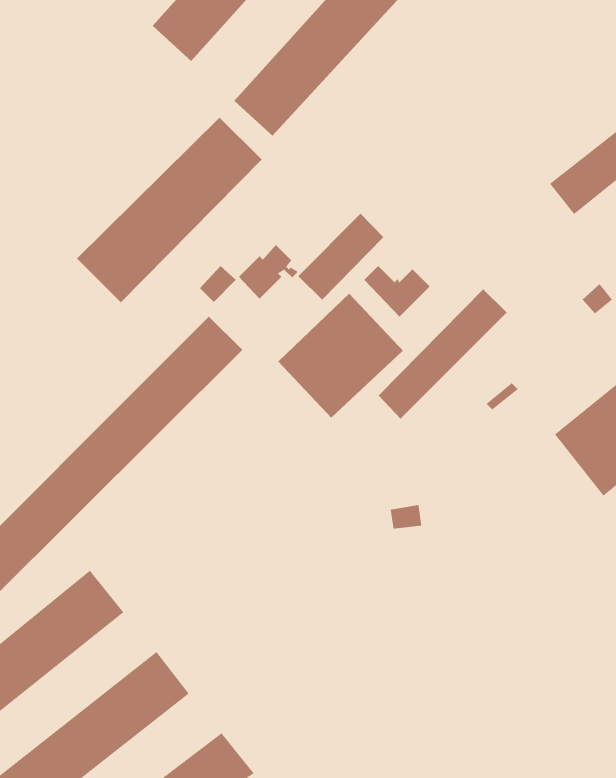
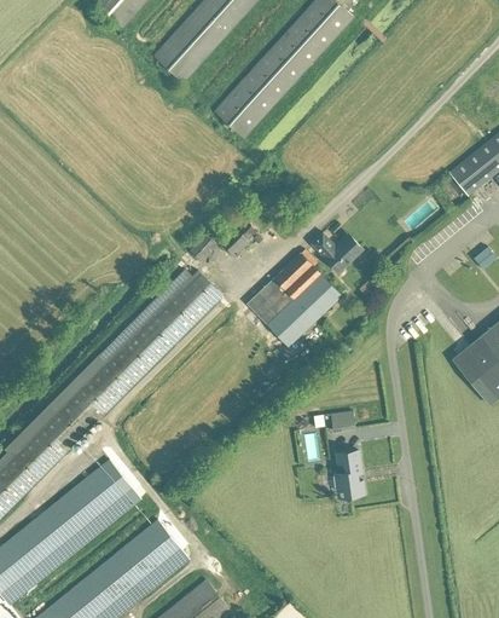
building: [76,117,262,303] -> none
building: [297,213,384,301] -> none
building: [378,289,508,419] -> none
building: none -> [333,451,364,497]

